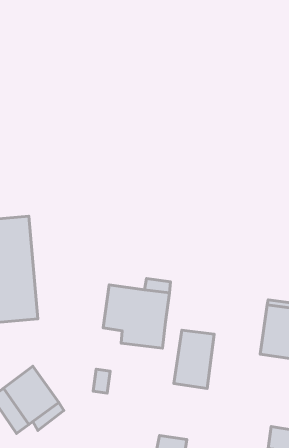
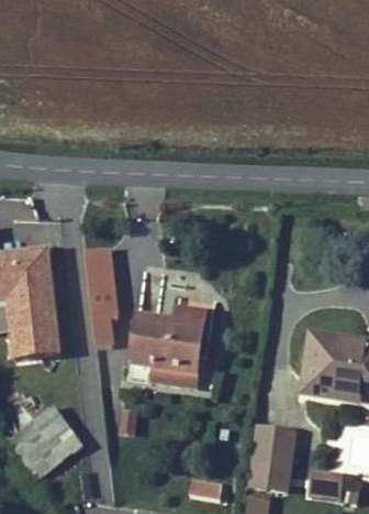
building: none -> [80,243,122,347]
building: [174,330,214,389] -> [250,427,294,491]

